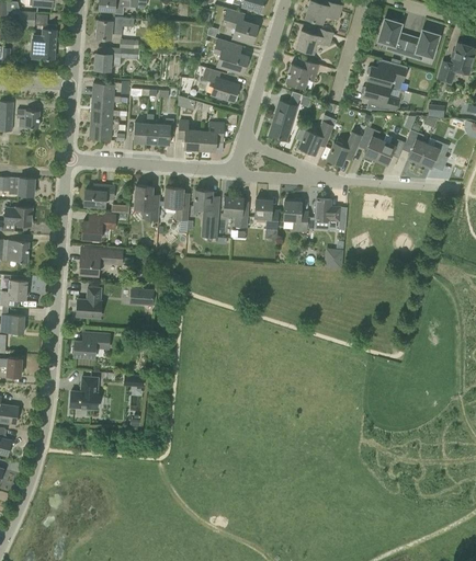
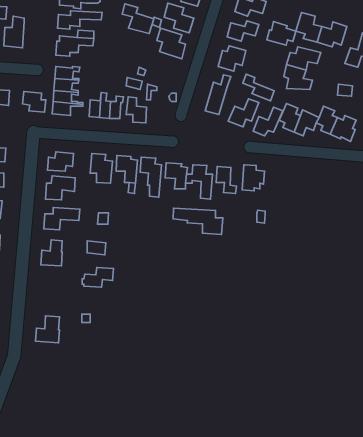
building: none -> [267,21,296,45]
building: [202,67,239,102] -> [122,4,154,34]
building: none -> [243,74,274,101]
building: none -> [22,92,46,112]
building: [200,121,224,150] -> none
building: none -> [173,208,223,235]
building: [71,333,109,356] -> [82,268,114,287]

